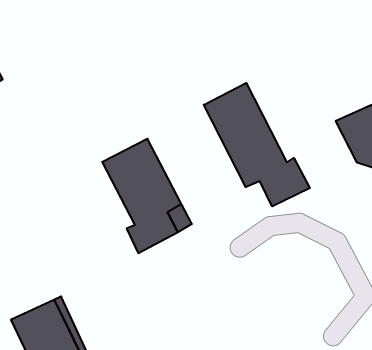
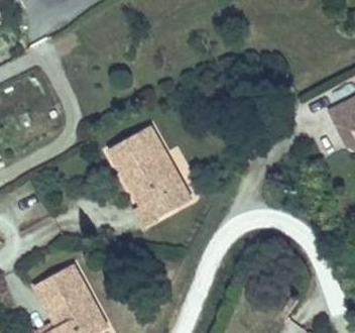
building: [204,83,310,206] -> none

